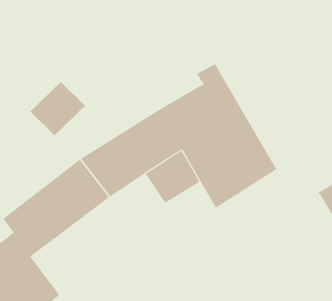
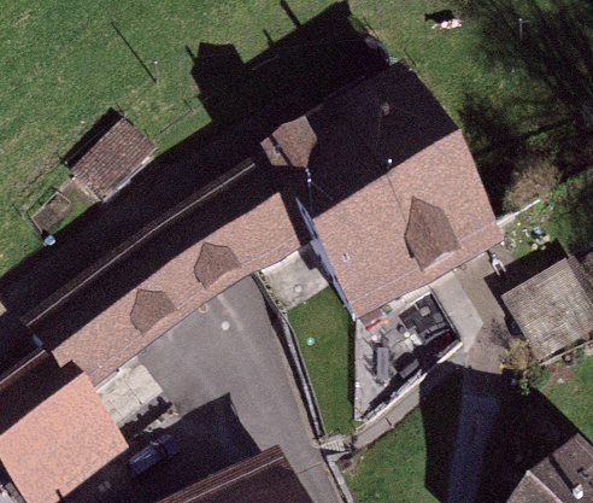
building: none -> [359,94,489,264]

